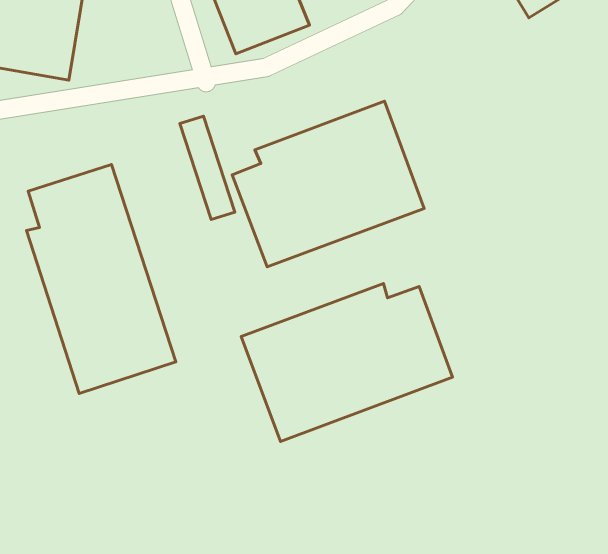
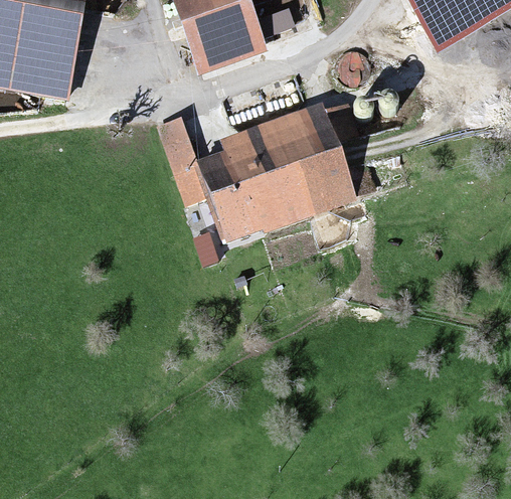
building: [26,165,176,393] -> none
building: [241,284,453,441] -> none

